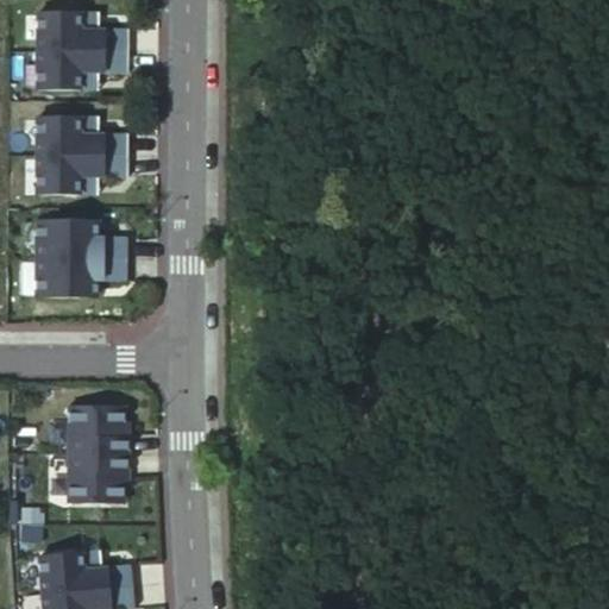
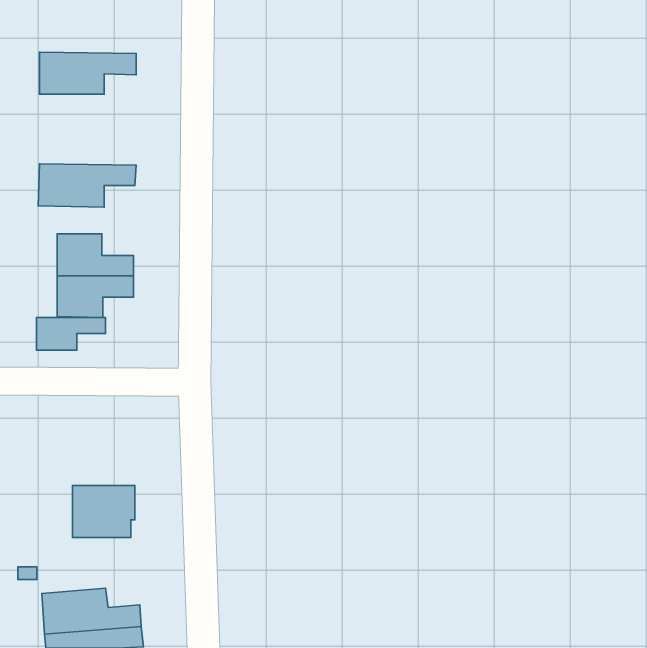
building: [37,11,128,50] -> none
building: [37,115,127,155] -> none
building: none -> [37,318,105,350]
building: [68,406,126,454] -> none

